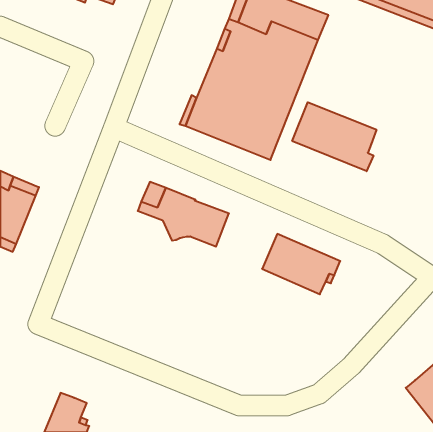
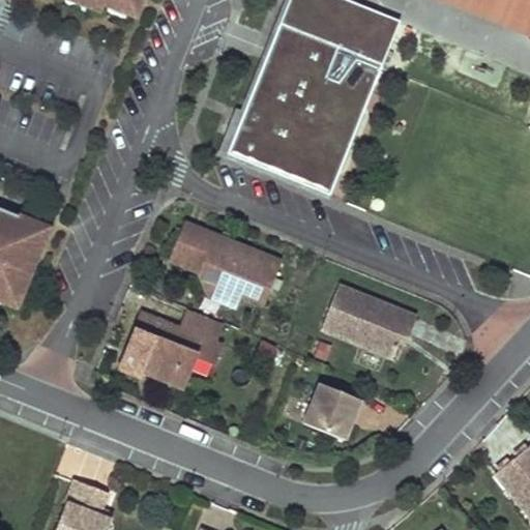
building: [292,102,376,171] -> none
building: none -> [132,310,224,386]
building: none -> [304,382,361,438]

